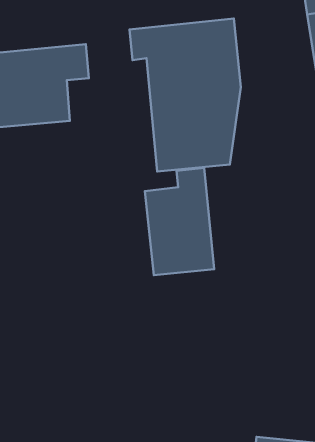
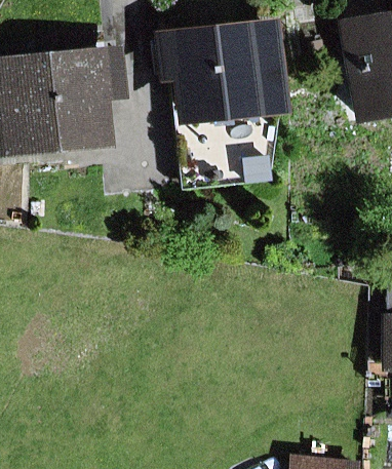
building: [145,168,214,275] -> none

